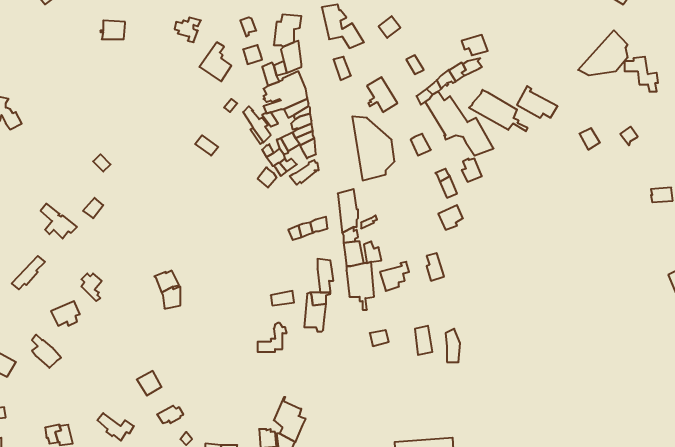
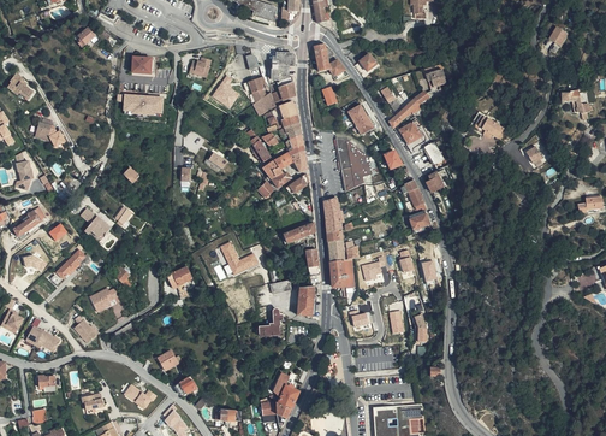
building: [578,30,628,75] -> none
building: none -> [121,94,162,116]
building: [469,90,527,131] -> none
building: none -> [222,238,261,272]

